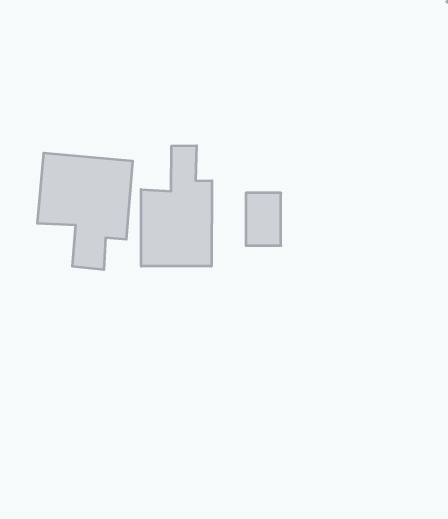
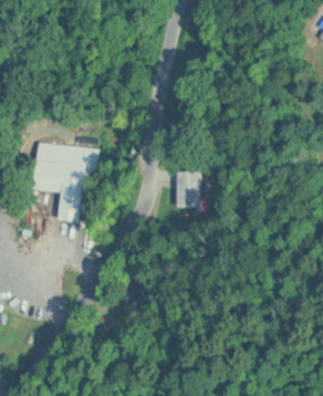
building: [141,146,212,266] -> none

